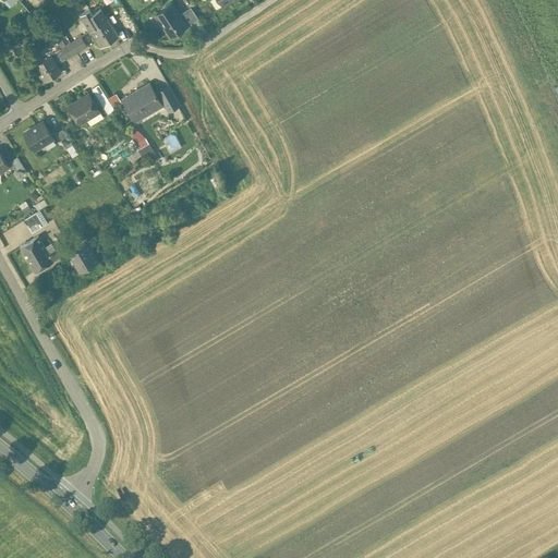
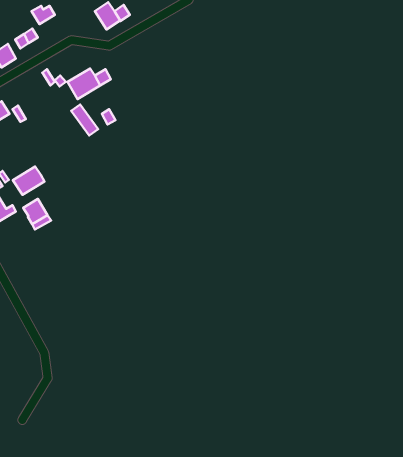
building: [88,21,117,49] -> none
building: [68,95,98,124] -> none
building: none -> [13,167,44,195]

